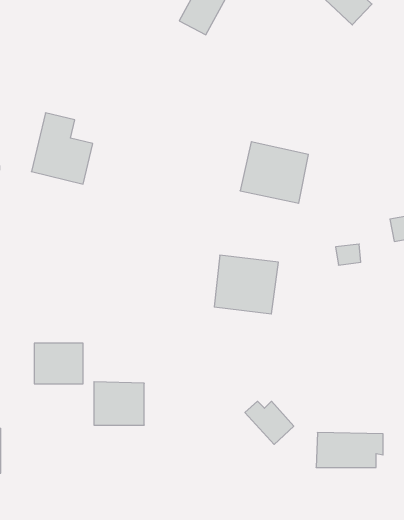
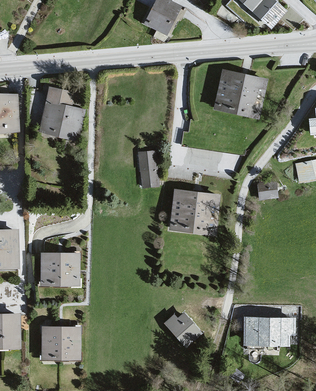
building: [240,142,308,203] -> [216,71,265,115]
building: none -> [140,151,158,186]
building: [94,382,144,425] -> [43,326,79,357]
building: [245,401,294,444] -> [165,314,200,345]

